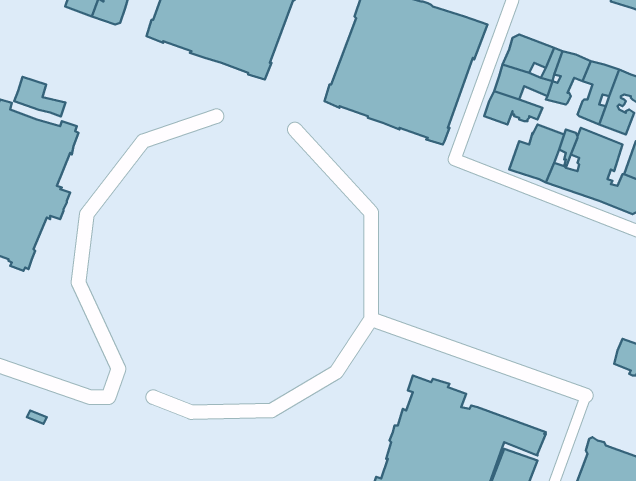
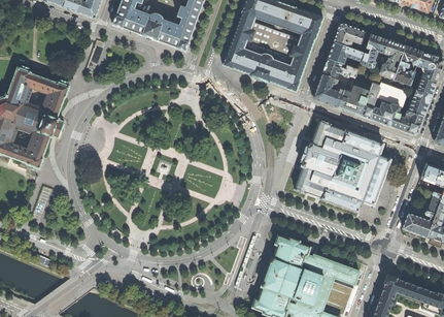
building: [14,77,65,117] -> none
building: none -> [313,74,343,107]
building: none -> [295,120,390,213]

